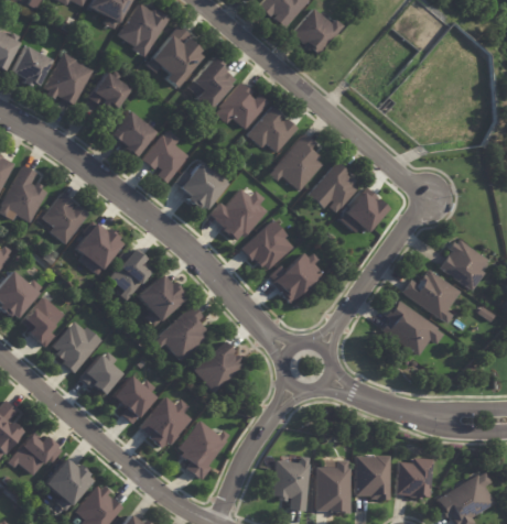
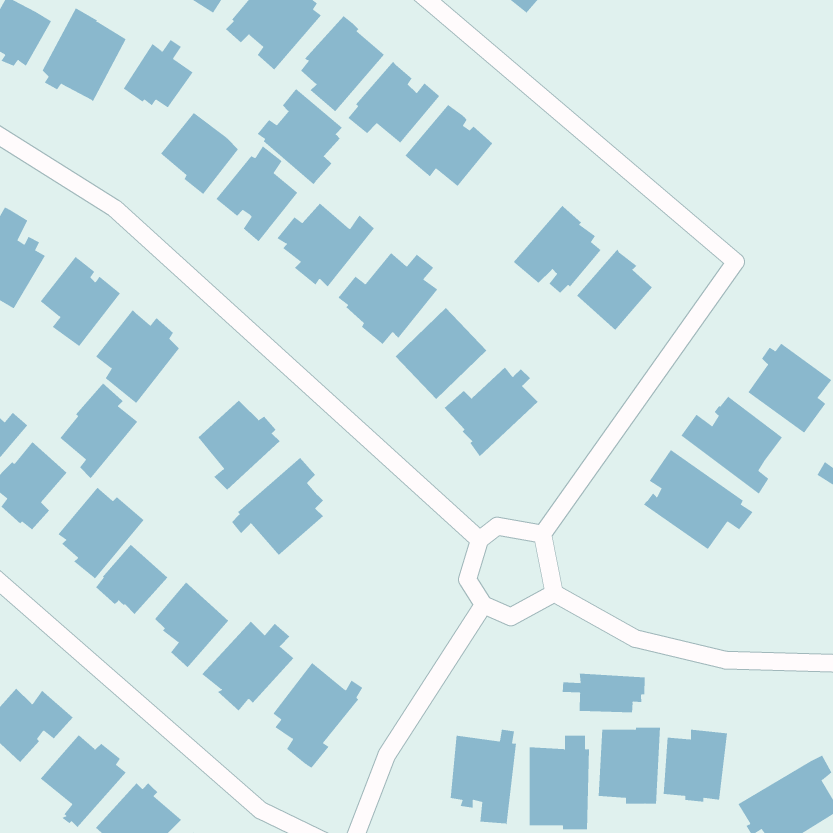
building: none -> [257,88,343,185]
building: [271,134,323,192] -> none
building: [106,245,150,299] -> [59,382,138,479]
building: [191,340,241,392] -> none
building: none -> [562,673,645,713]

